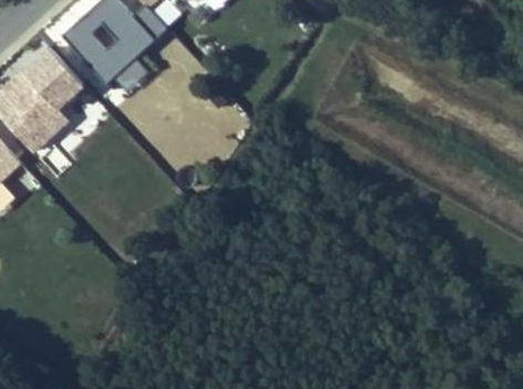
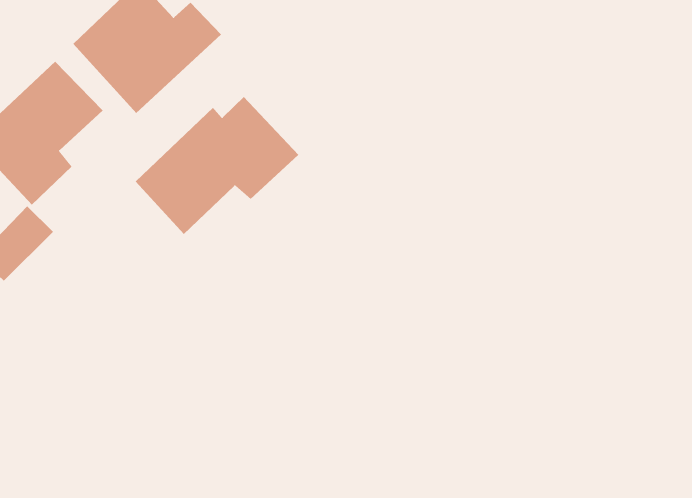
building: none -> [135,96,299,235]

